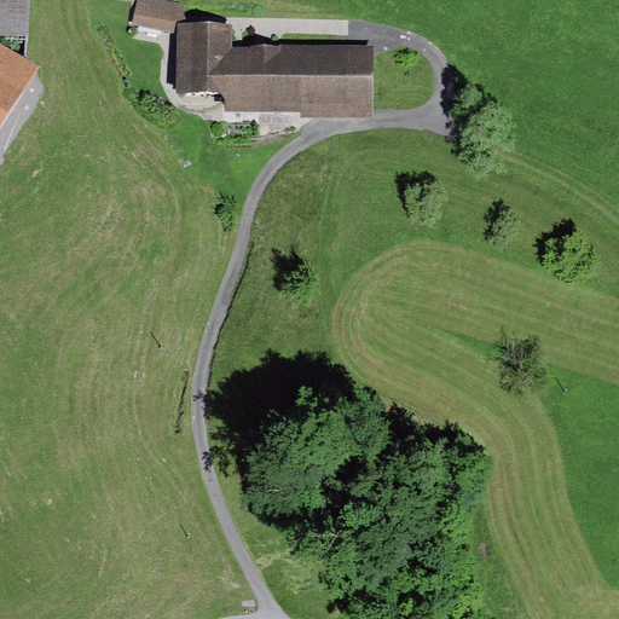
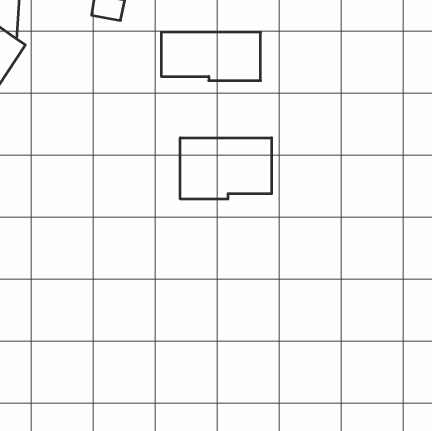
building: [177,21,230,89] -> none
building: none -> [180,138,272,199]

